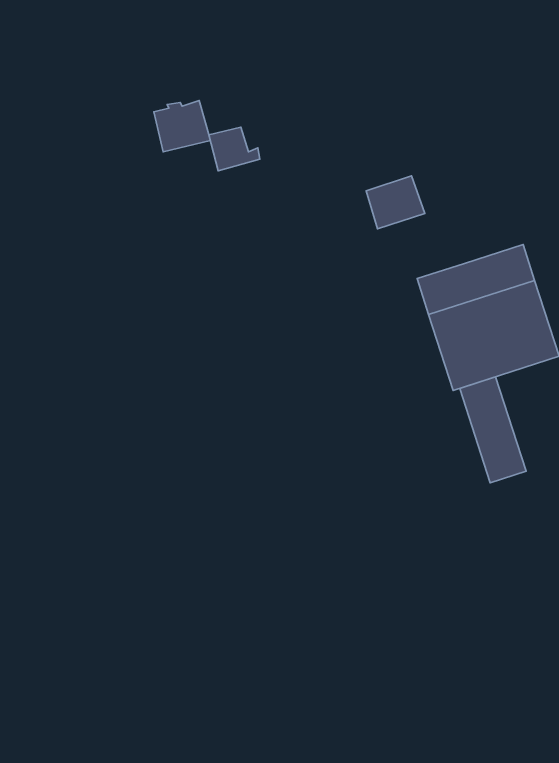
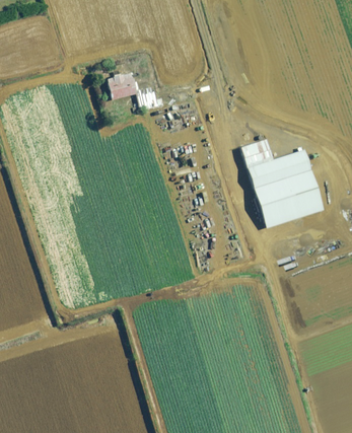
building: [366,176,425,229] -> [241,139,273,167]
building: [460,377,526,483] -> none

